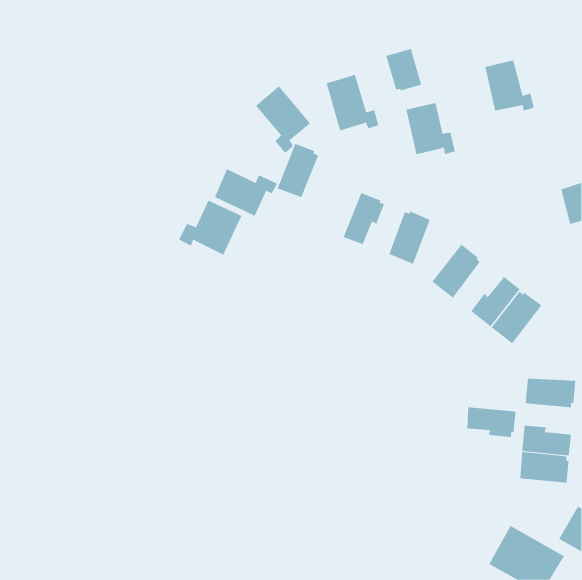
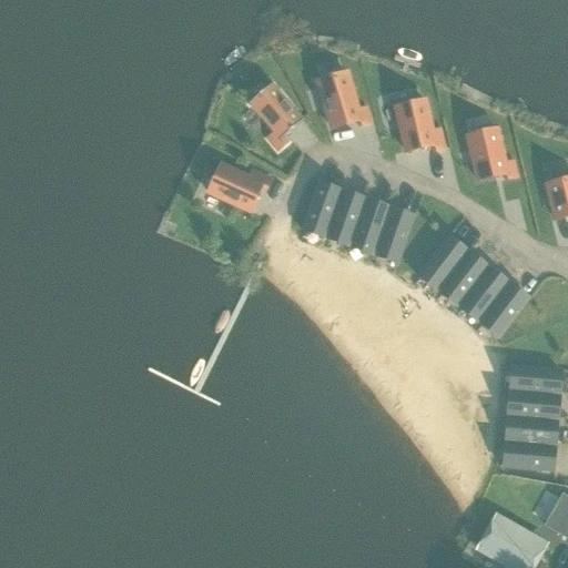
building: [386,48,422,91] -> none
building: [484,60,534,111] -> [467,129,516,179]
building: [277,143,319,198] -> [310,178,351,231]
building: [179,200,242,255] -> none
building: none -> [354,196,395,247]
building: none -> [442,253,489,303]
building: [466,407,517,437] -> [510,393,559,423]

